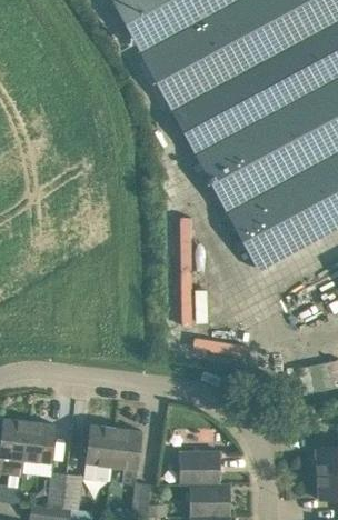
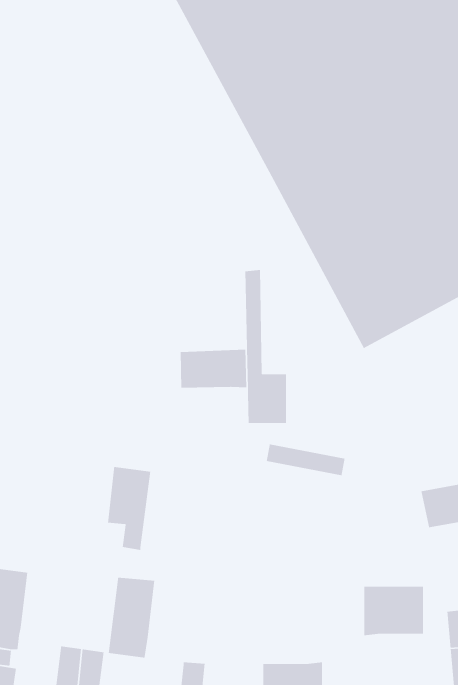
building: none -> [180,349,247,388]
building: [24,422,54,463] -> none
building: [111,428,141,486] -> [107,466,151,551]
building: [179,451,220,486] -> [363,586,424,636]

